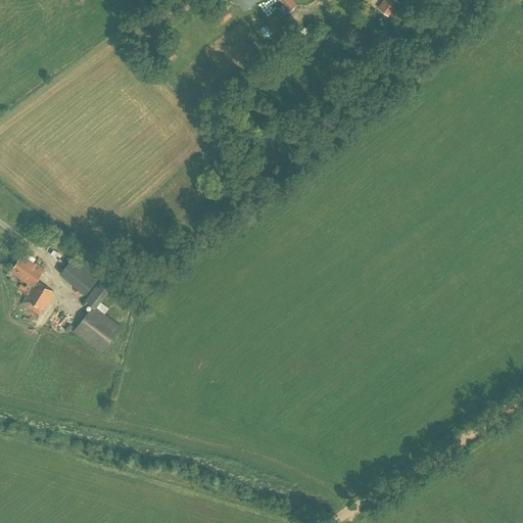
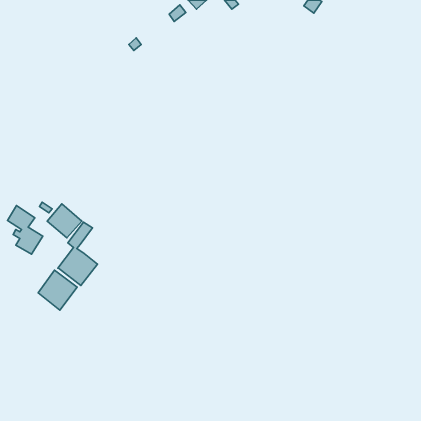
building: none -> [38,270,77,310]

